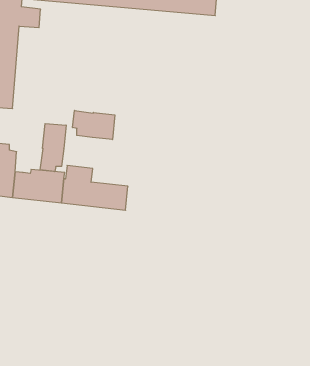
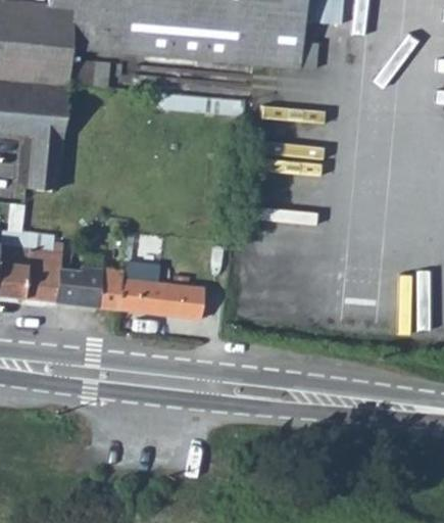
building: [73,110,115,140] -> none
building: [40,124,66,172] -> none

